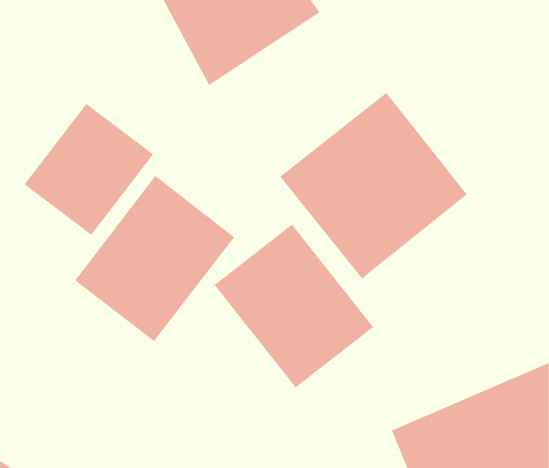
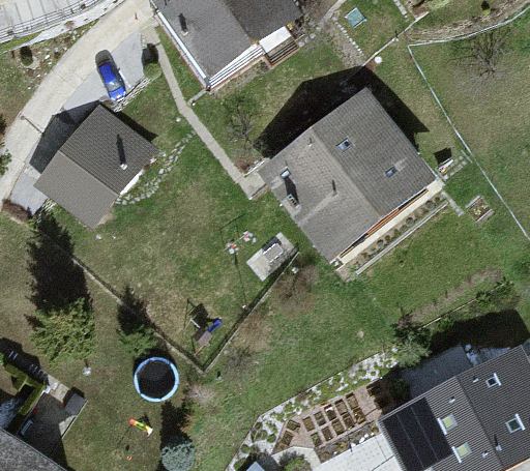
building: [74,175,235,342] -> none
building: [213,224,374,388] -> none

